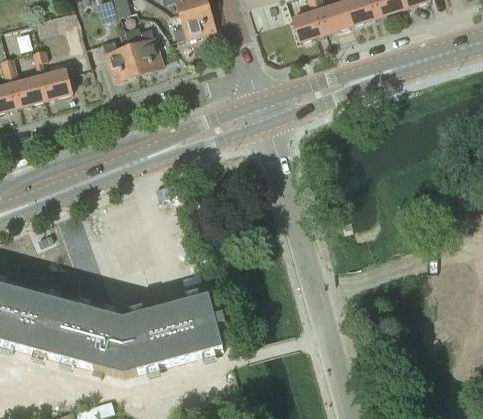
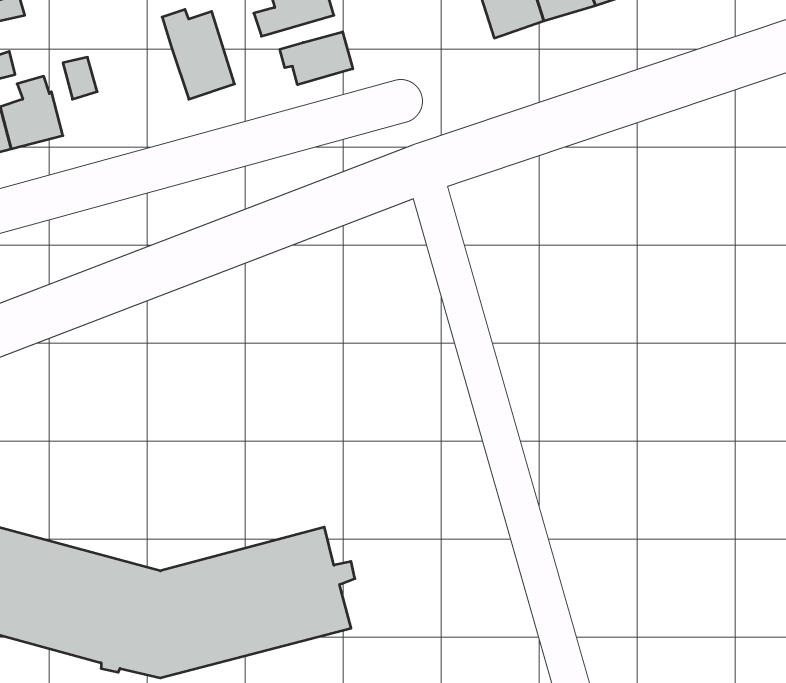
building: none -> [280,32,353,85]
building: [102,37,139,79] -> none

